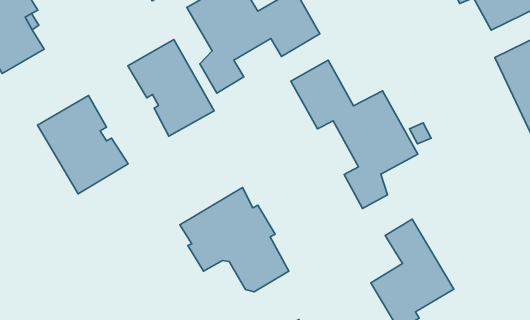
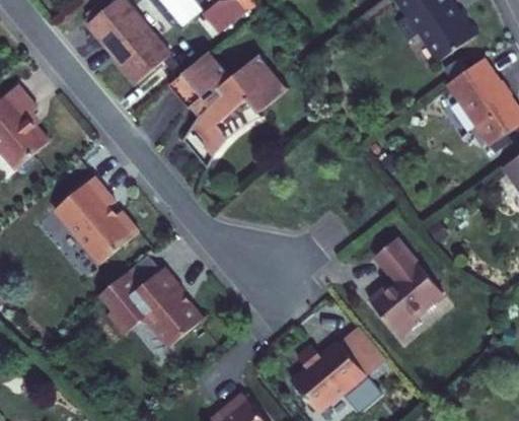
building: [128,40,214,136] -> none
building: [291,60,418,208] -> none
building: [180,188,289,292] -> [99,253,202,343]

